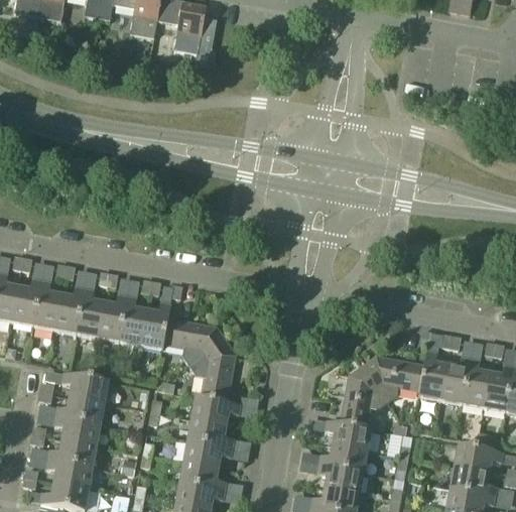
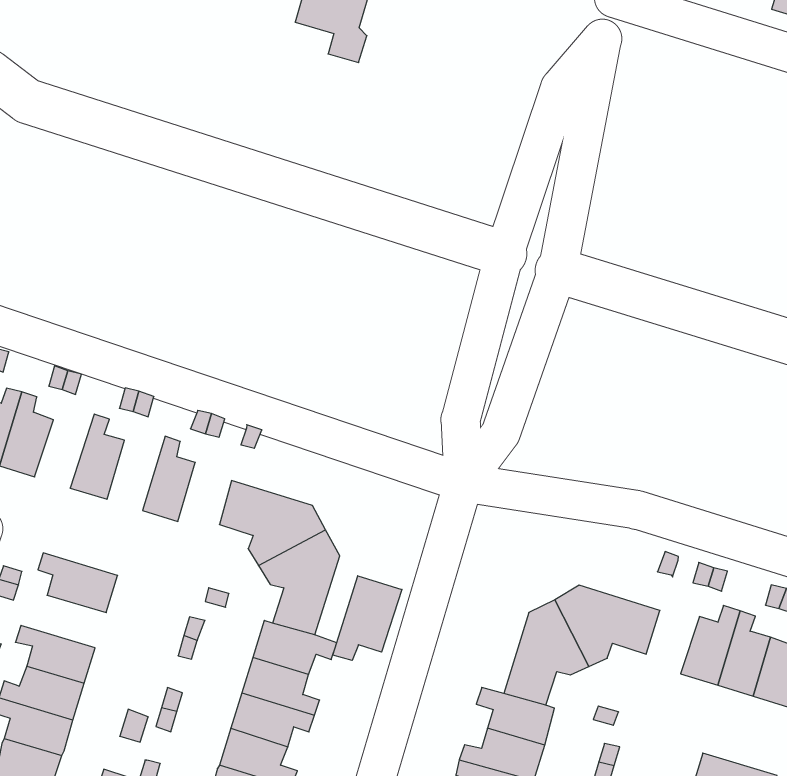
building: [54,286,85,333] -> none
building: [98,294,127,341] -> none
building: [140,302,170,349] -> none
building: [418,351,447,399] -> none
building: none -> [333,576,402,660]
building: [56,396,105,423] -> none

